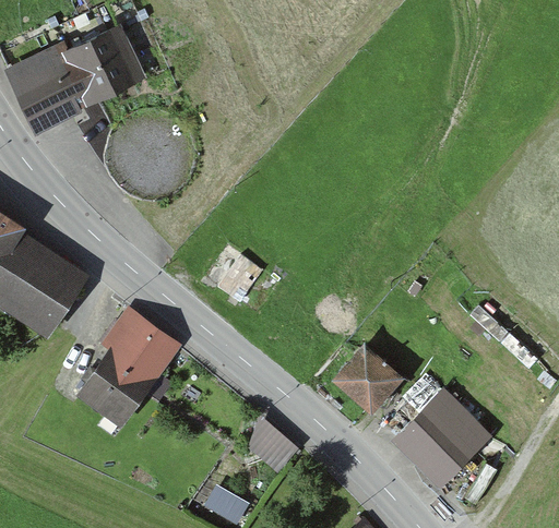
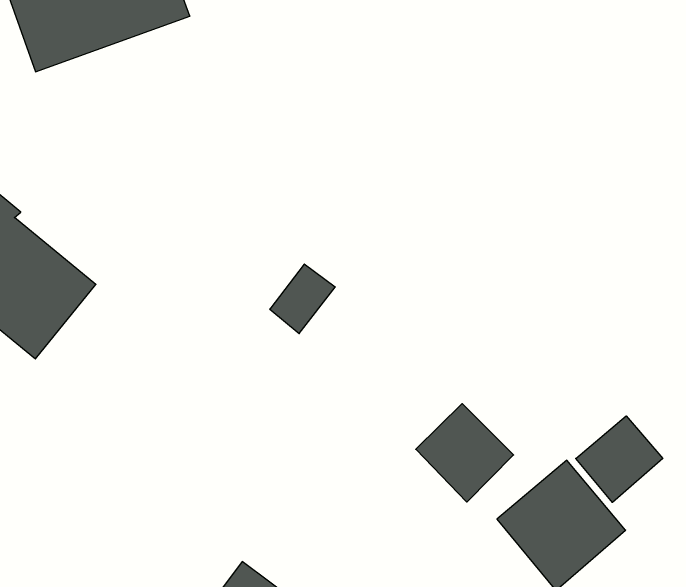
building: [73,305,181,427] -> none
building: none -> [576,416,663,502]
building: [249,418,300,476] -> none

